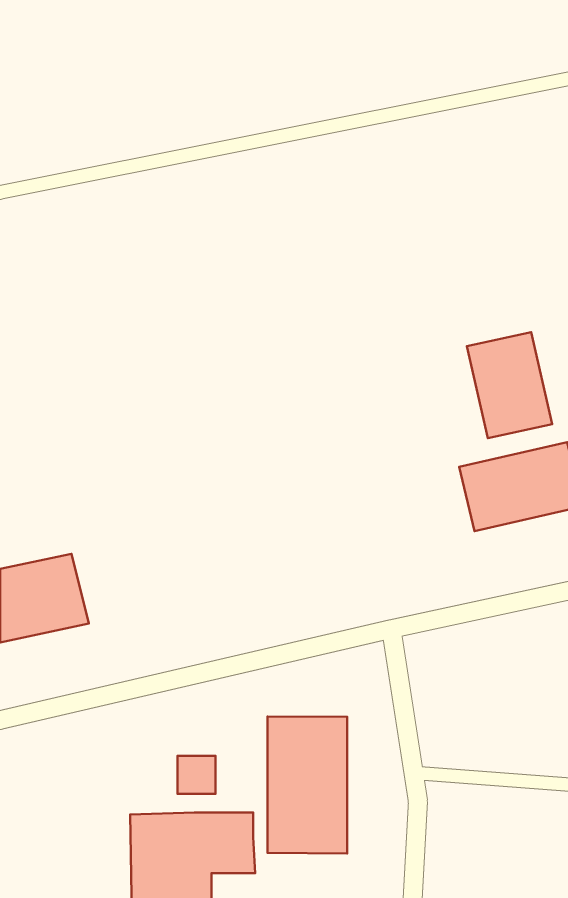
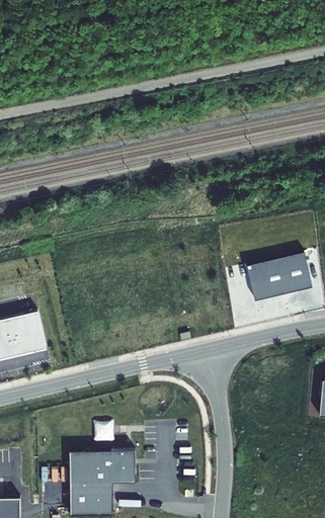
building: [467,332,552,438] -> none
building: [267,716,347,854] -> none

